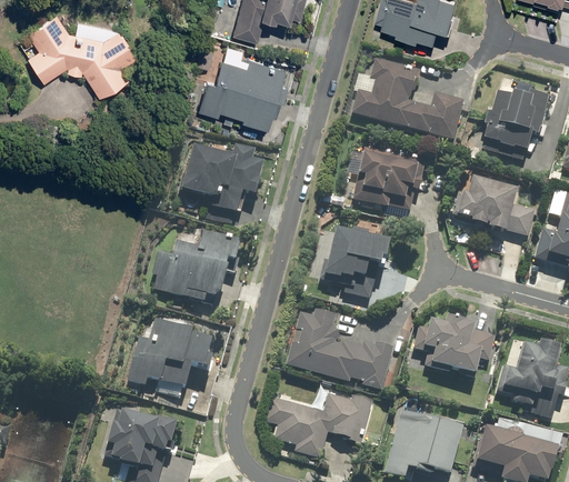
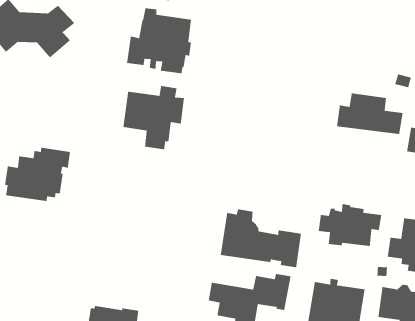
building: [351,59,465,140] -> none
building: [481,89,549,161] -> none
building: [352,148,425,211] -> none
building: [318,227,391,299] -> none
building: [152,231,241,301] -> [4,147,71,202]
building: [127,318,213,395] -> none

